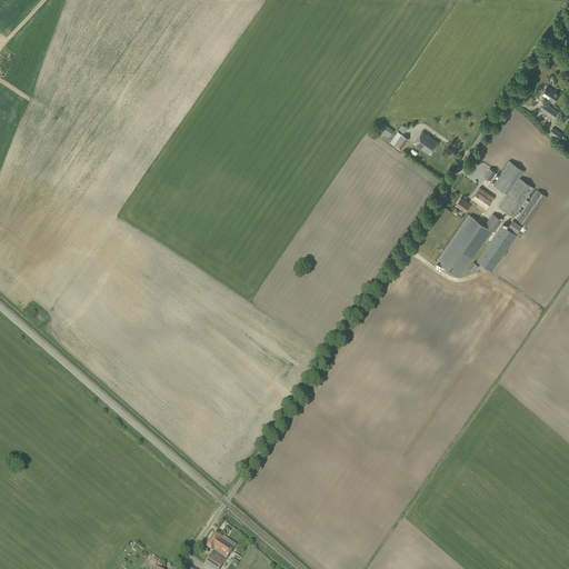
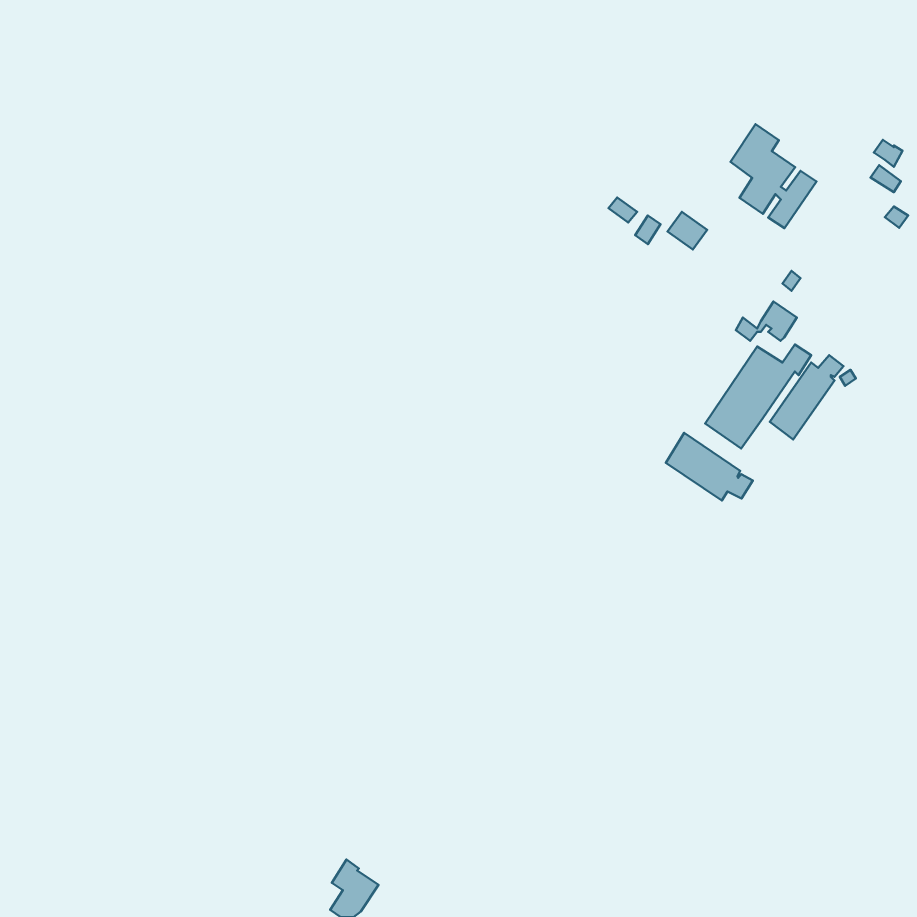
building: [493,161,547,226] -> [730,124,817,228]
building: none -> [666,433,753,501]

